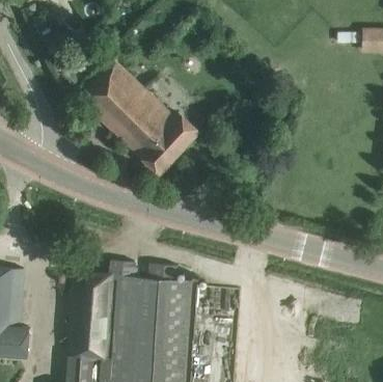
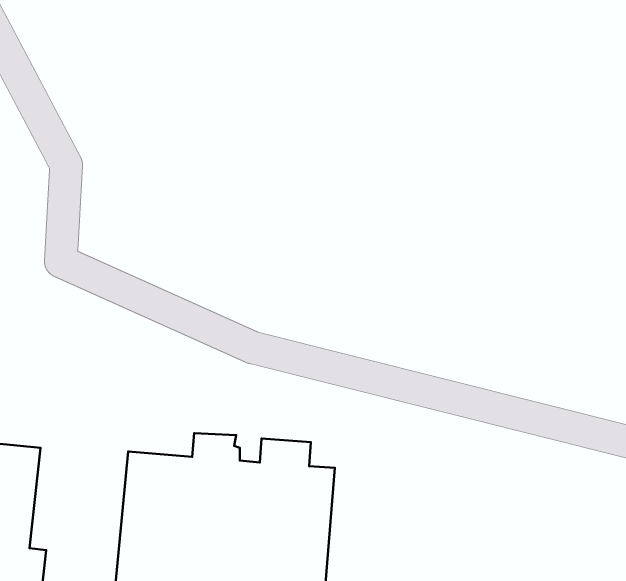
building: [77,57,200,175] -> none

